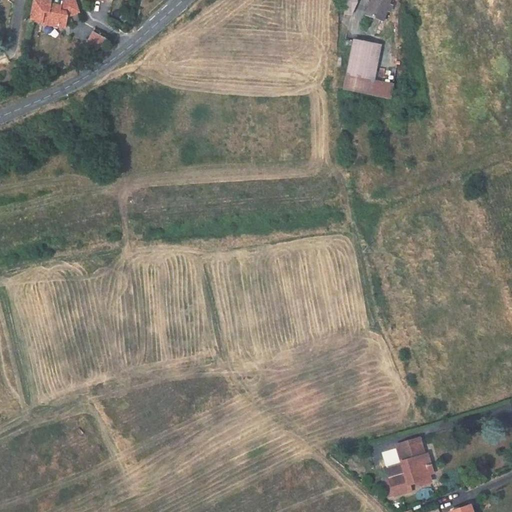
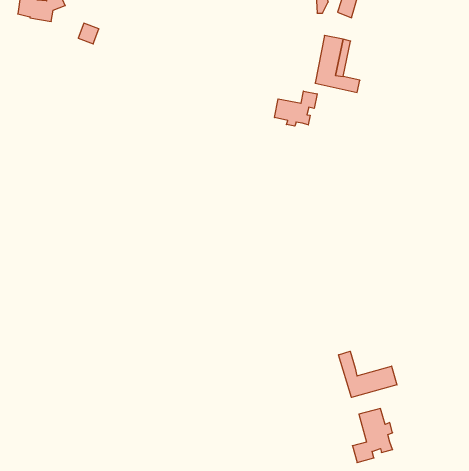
building: none -> [275,91,317,126]
building: none -> [339,351,397,397]

